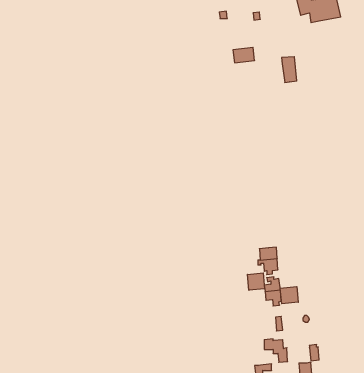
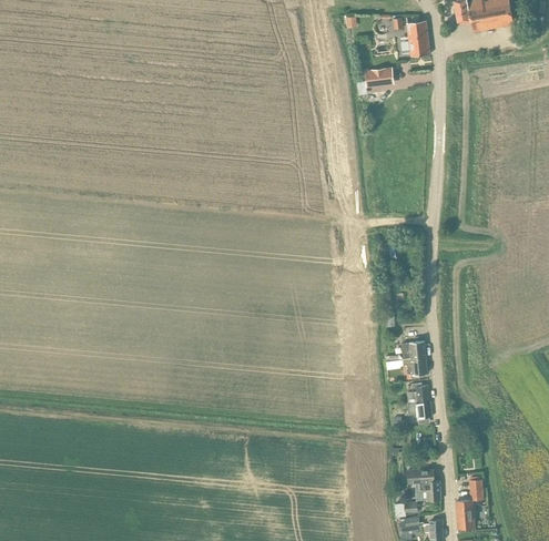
building: [282,57,297,82] -> [407,21,428,57]
building: [247,273,265,290] -> none
building: [280,287,298,304] -> none

